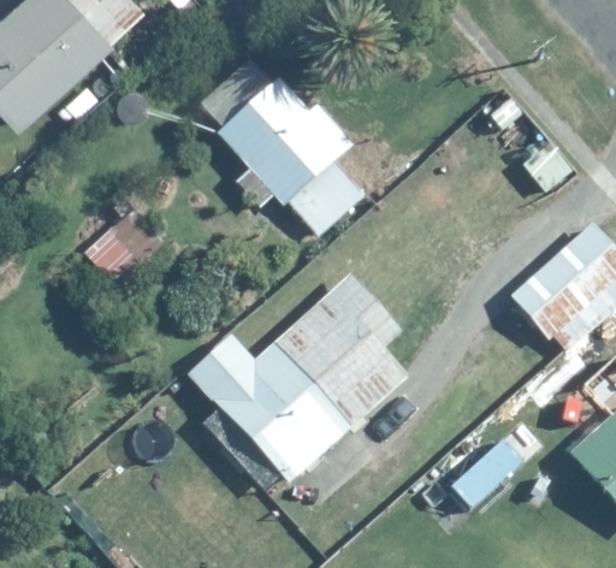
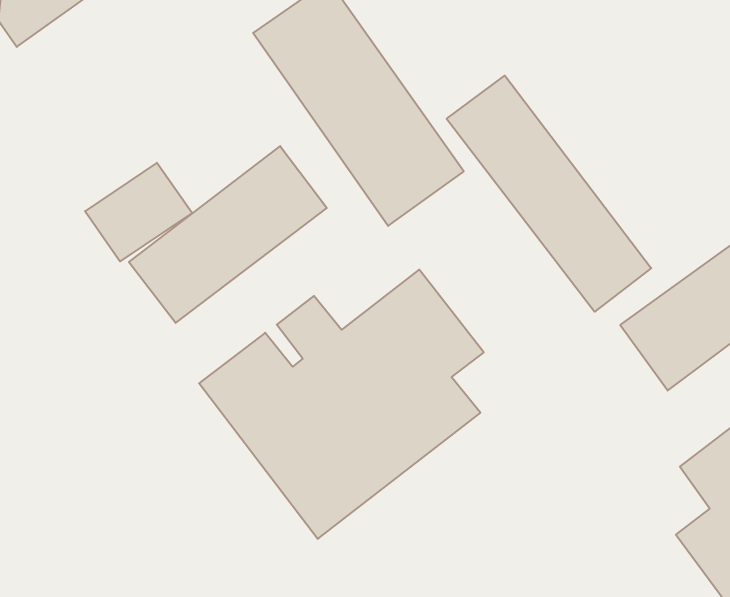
building: none -> [447,76,651,312]
building: none -> [129,146,327,323]

